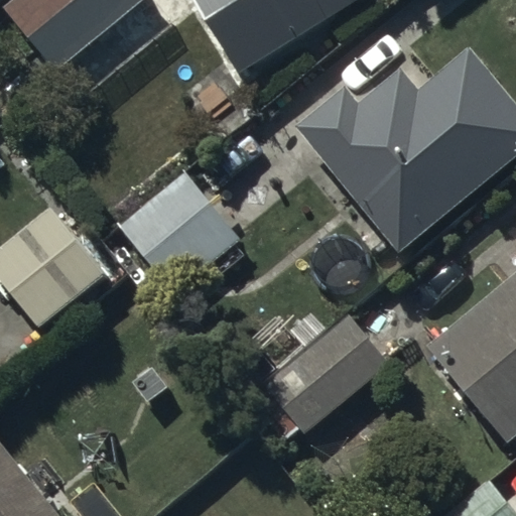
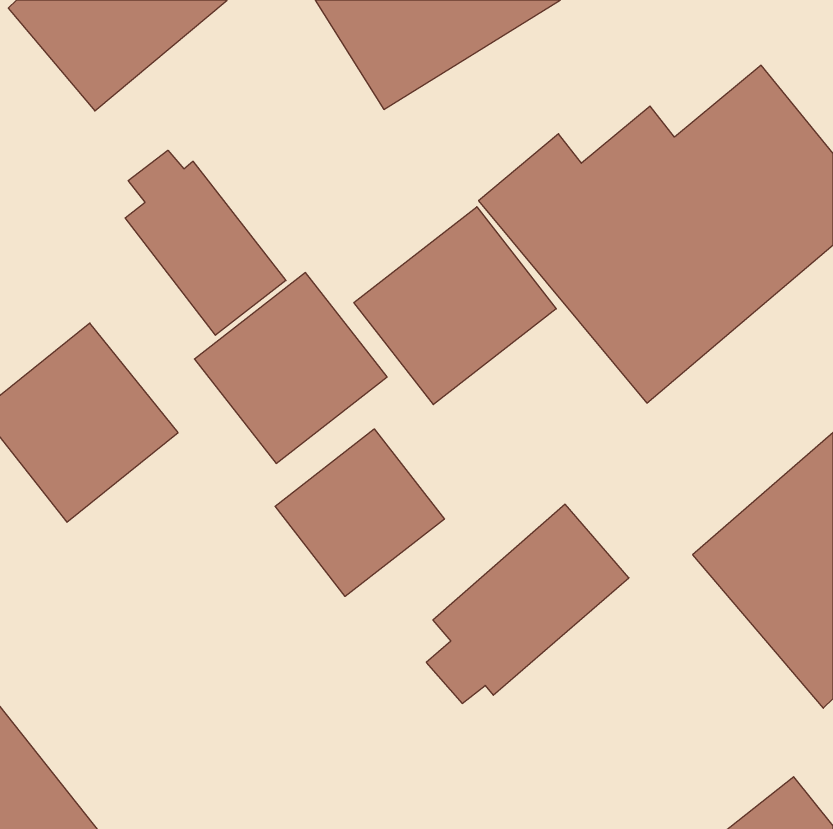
building: none -> [125,150,286,335]
building: none -> [354,207,556,405]
building: none -> [275,429,444,596]

